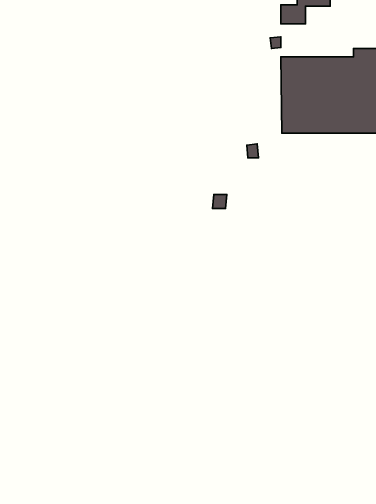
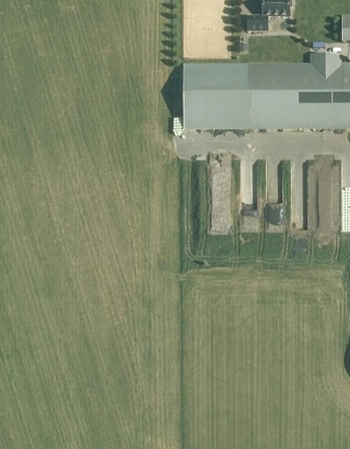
building: none -> [183,65,248,126]

